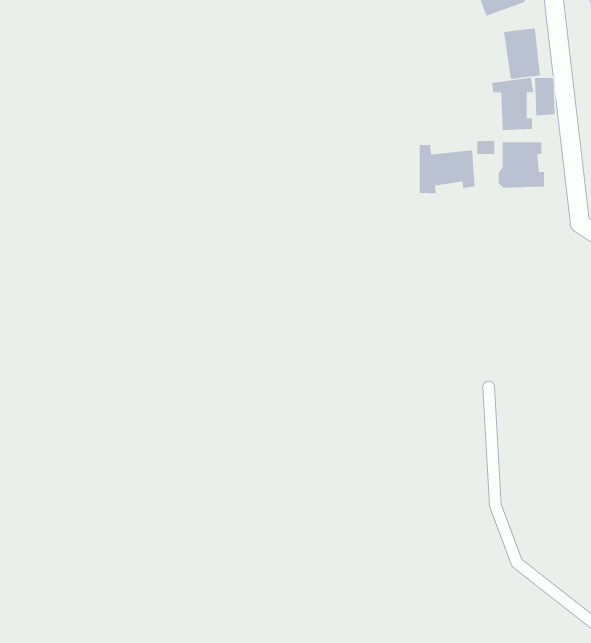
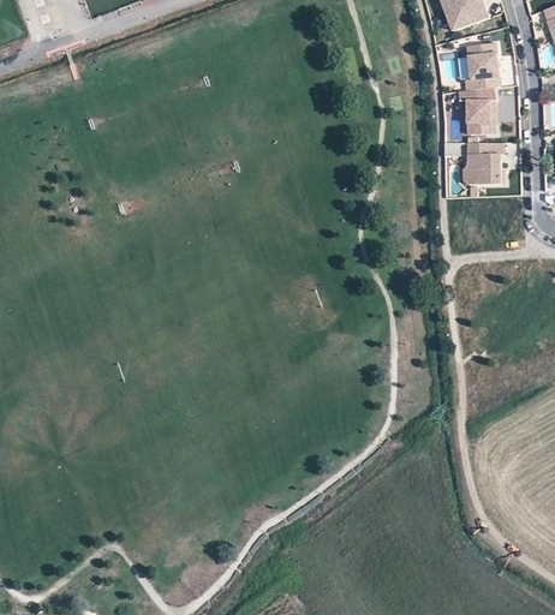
building: [419,144,476,194] -> none

